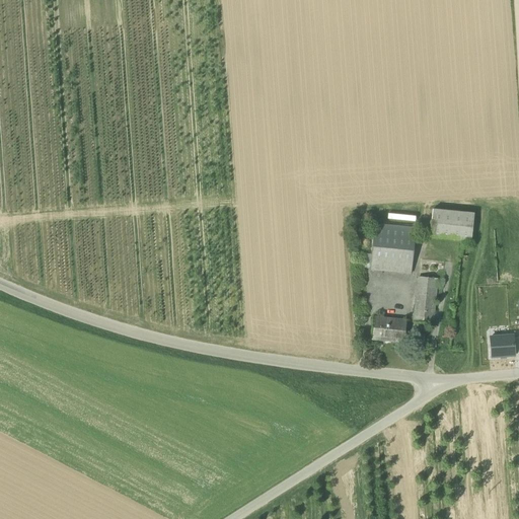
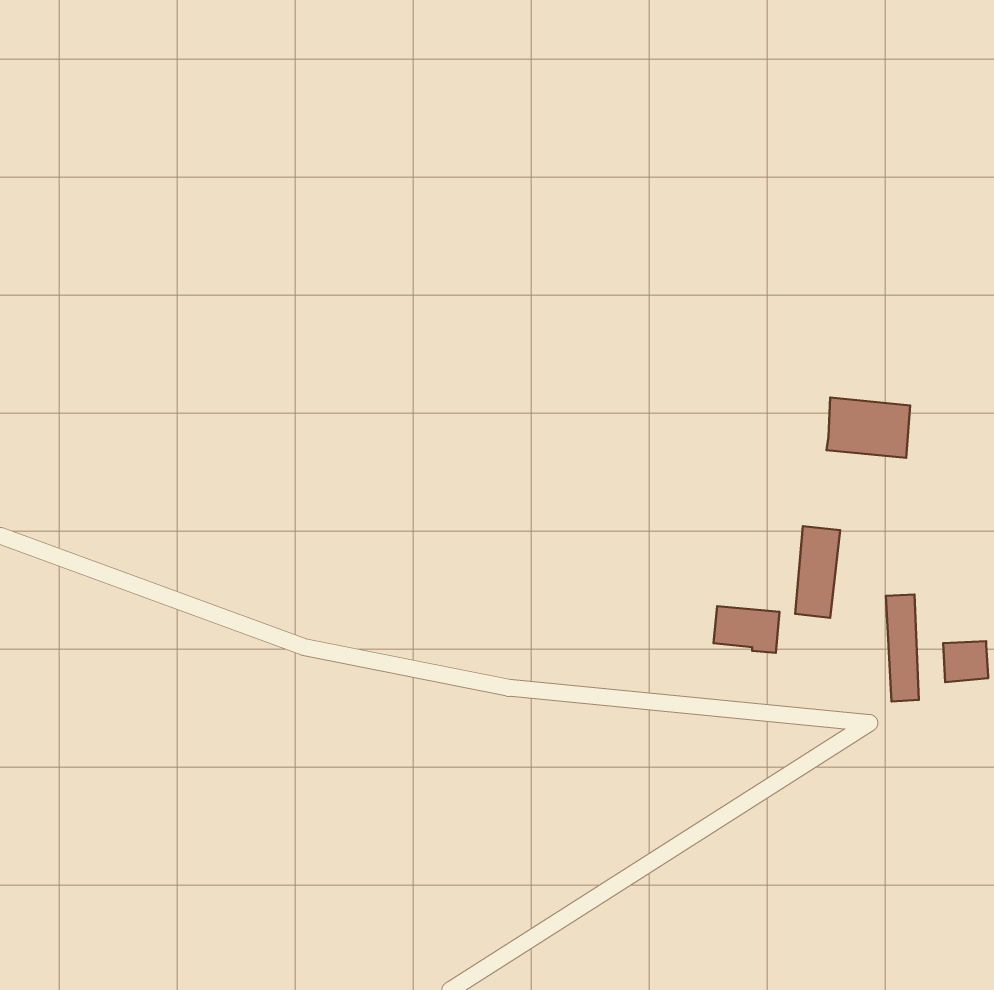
building: [371,222,417,271] -> none
building: none -> [886,594,919,701]

